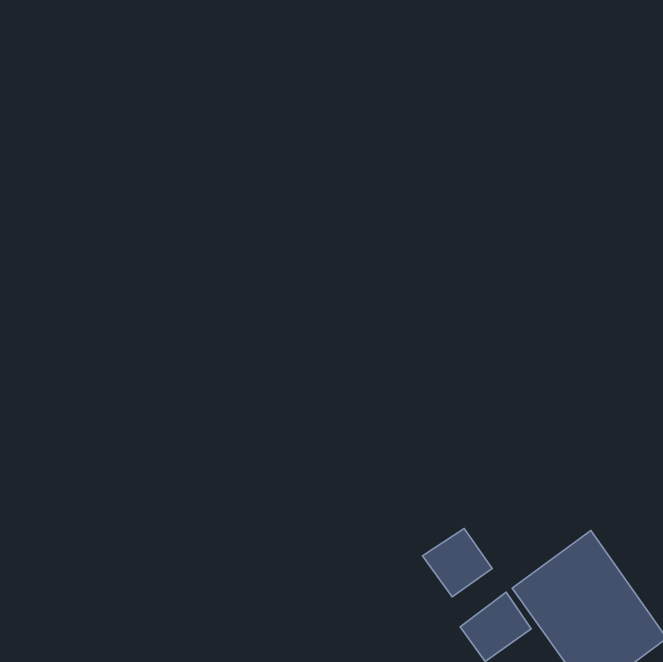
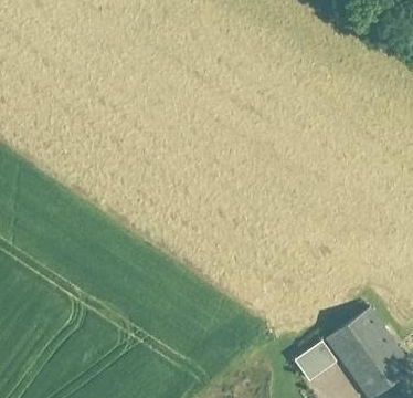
building: [423,529,492,597] -> none

